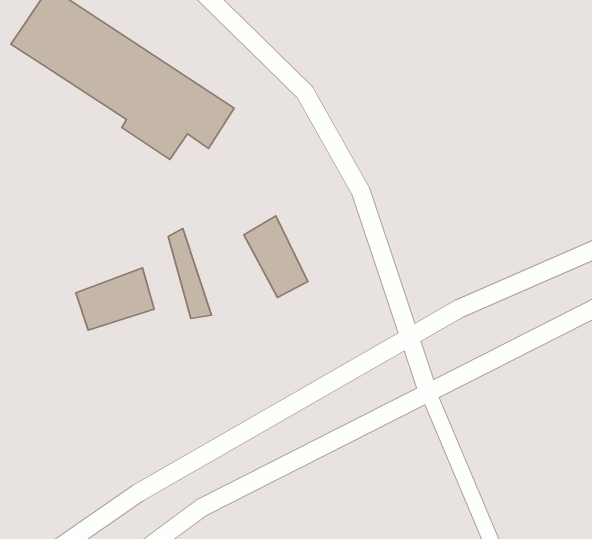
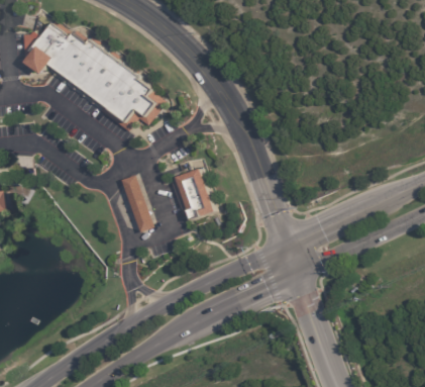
building: [76,268,154,330] -> none

